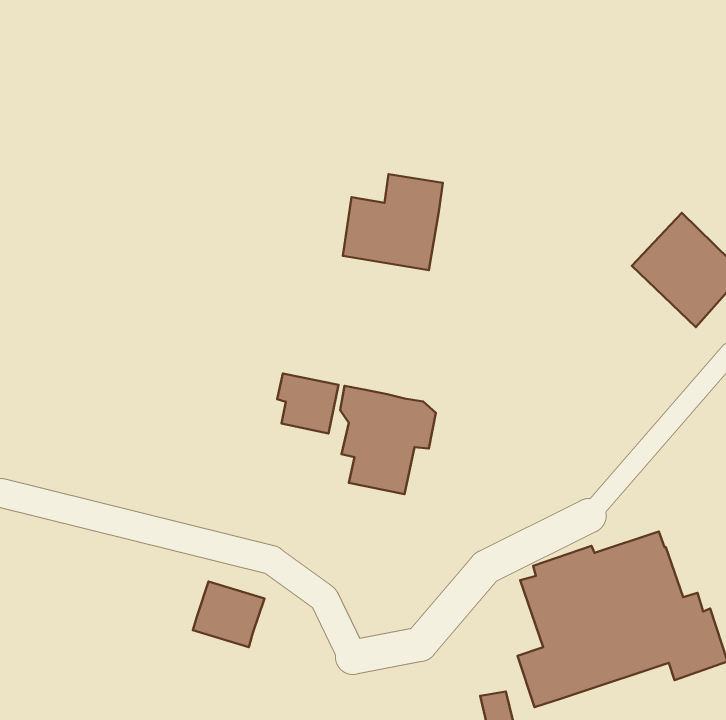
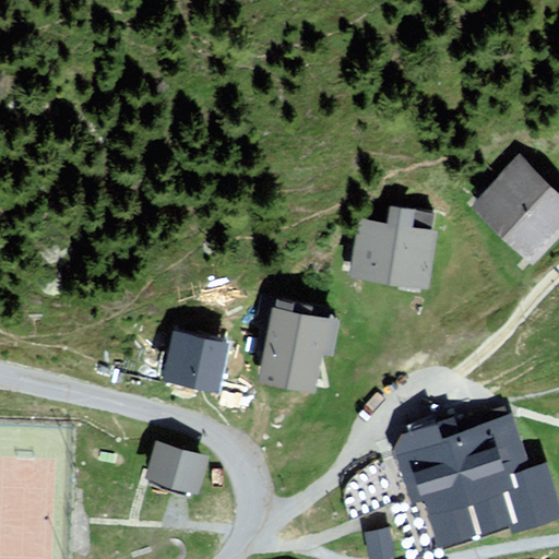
building: [343,174,443,270] -> [360,212,437,285]
building: [277,373,339,433] -> [177,342,224,388]

